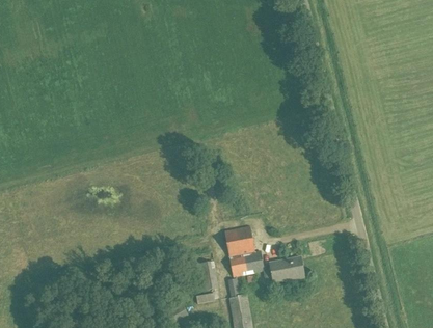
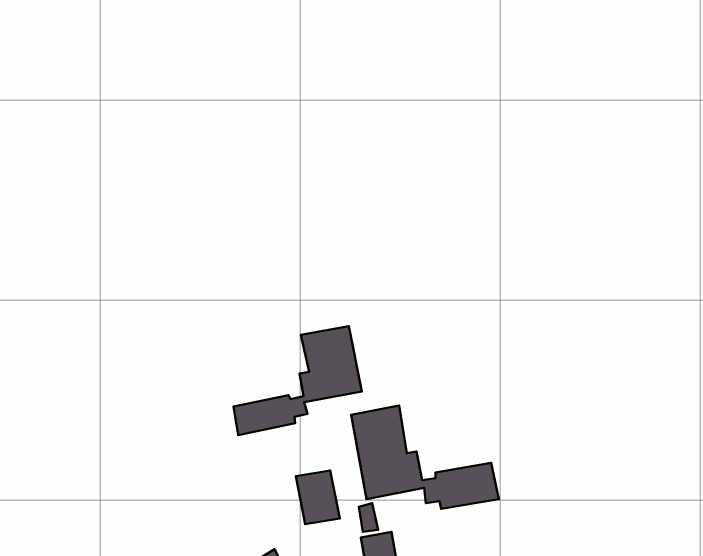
building: none -> [233,326,362,435]

